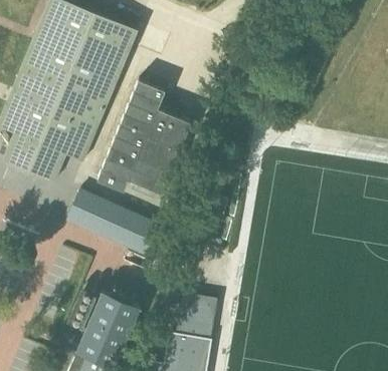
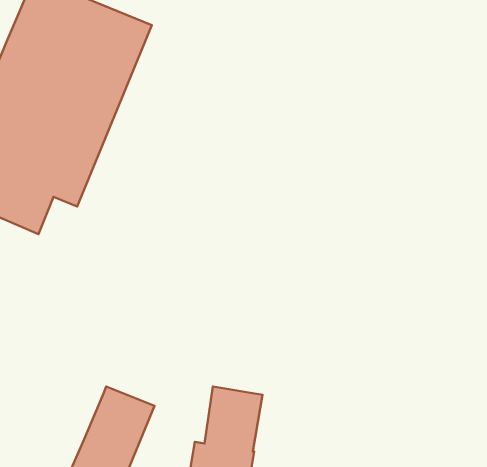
building: [96,79,191,194] -> none
building: [65,188,166,260] -> none

